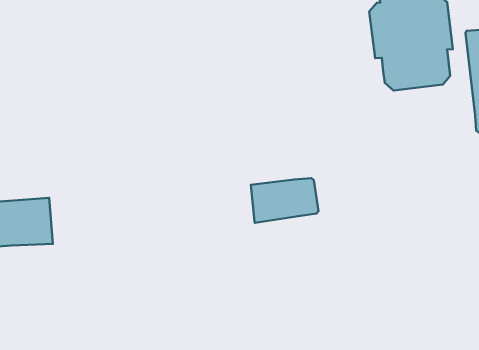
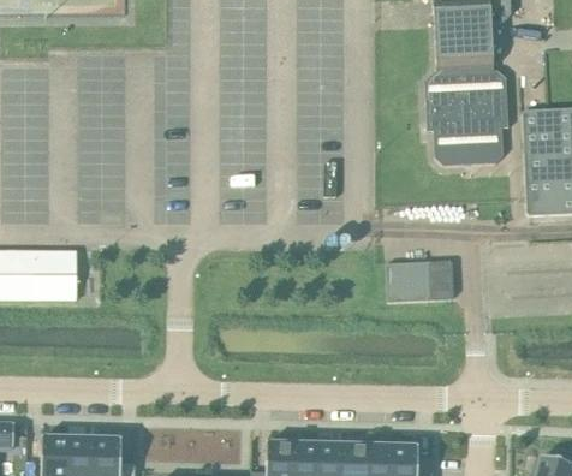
building: [251,178,319,223] -> [386,261,454,303]

